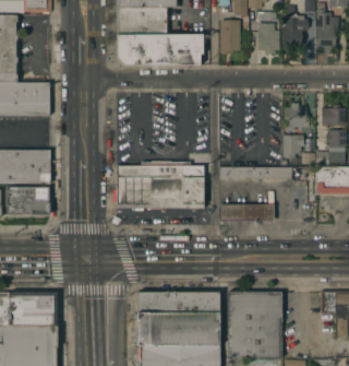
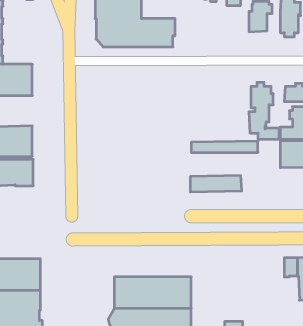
building: [220,20,240,52] -> none
building: [257,23,279,54] -> none
building: [115,161,208,208] -> none
building: [228,291,281,357] -> none
building: [137,293,220,312] -> none

